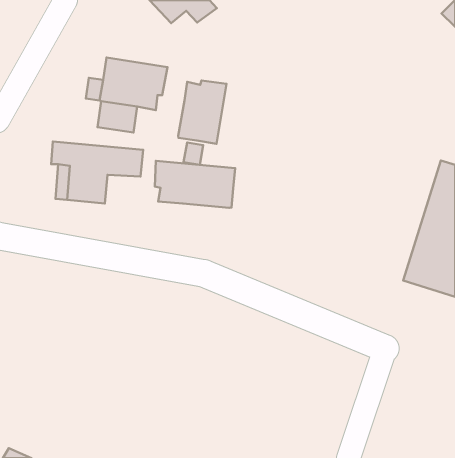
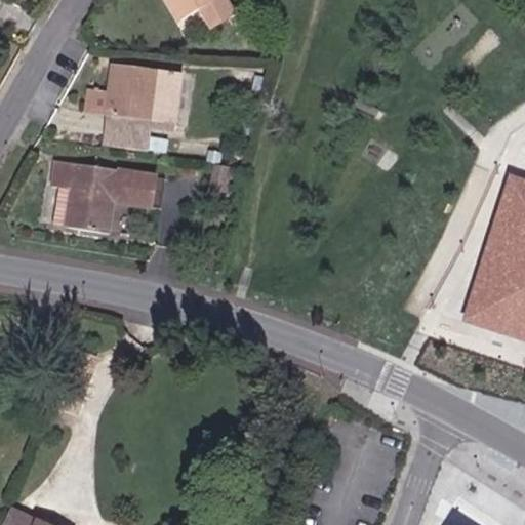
building: [178,80,226,144] -> none
building: [155,161,235,208] -> none

